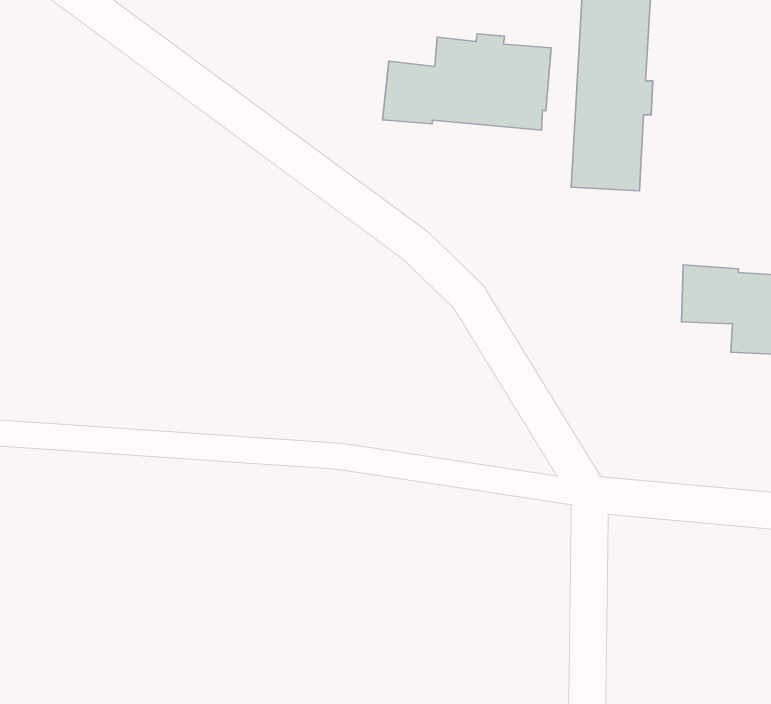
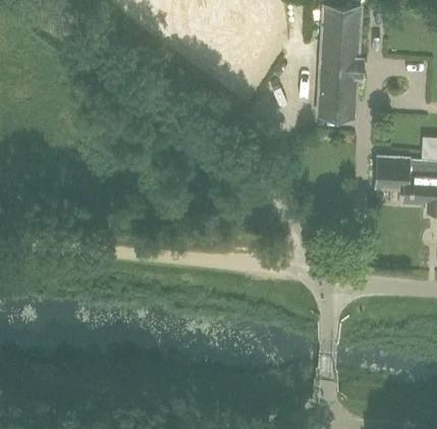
building: [383,34,551,130] -> none

